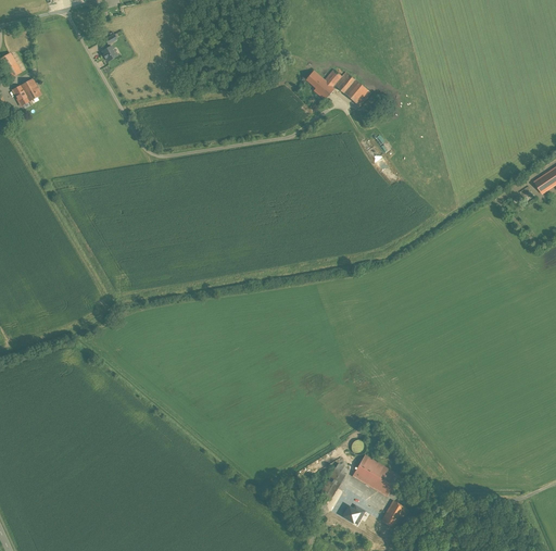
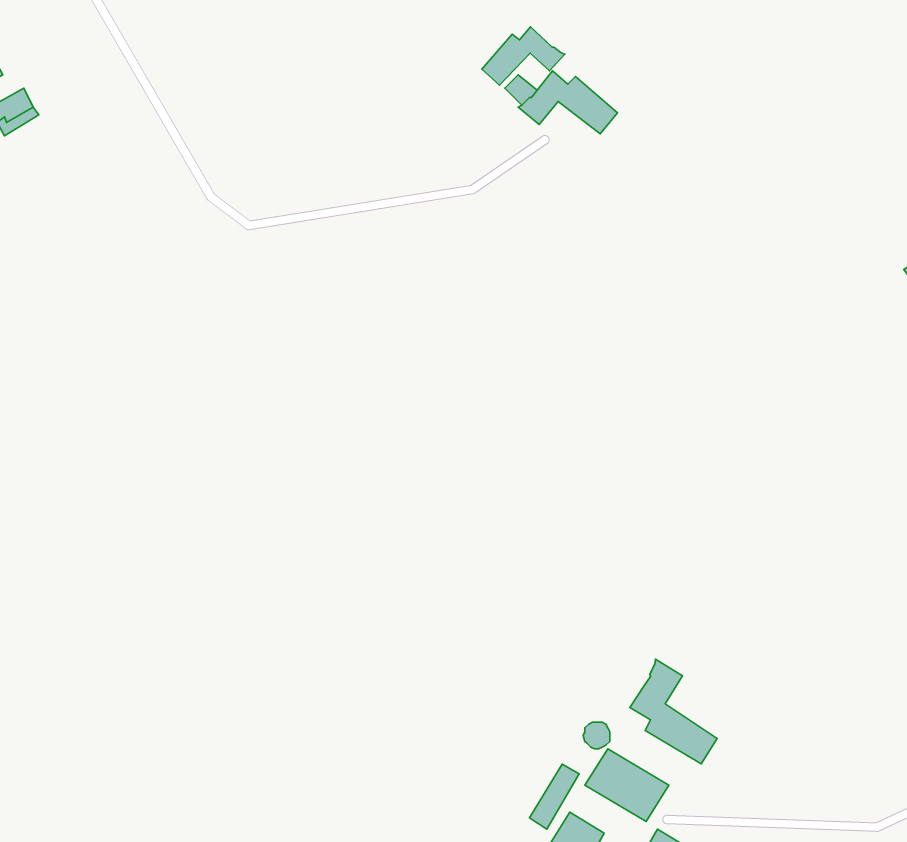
building: none -> [482,27,565,85]
building: none -> [630,659,717,764]

